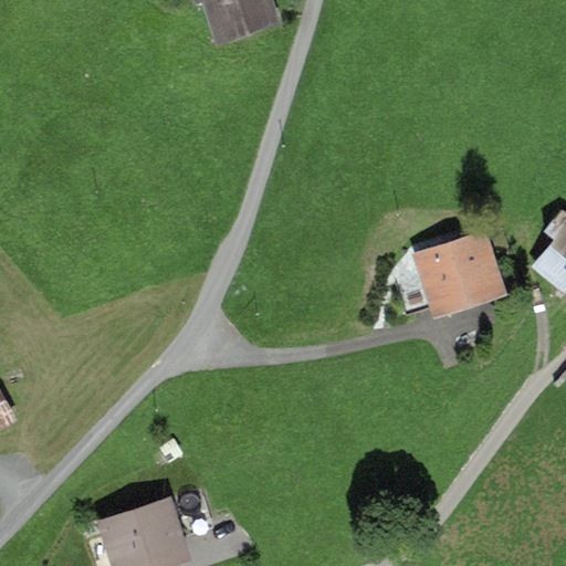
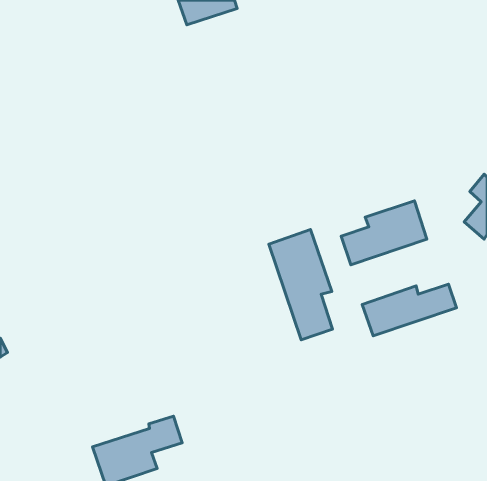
building: none -> [269,230,333,340]
building: none -> [362,284,457,336]

